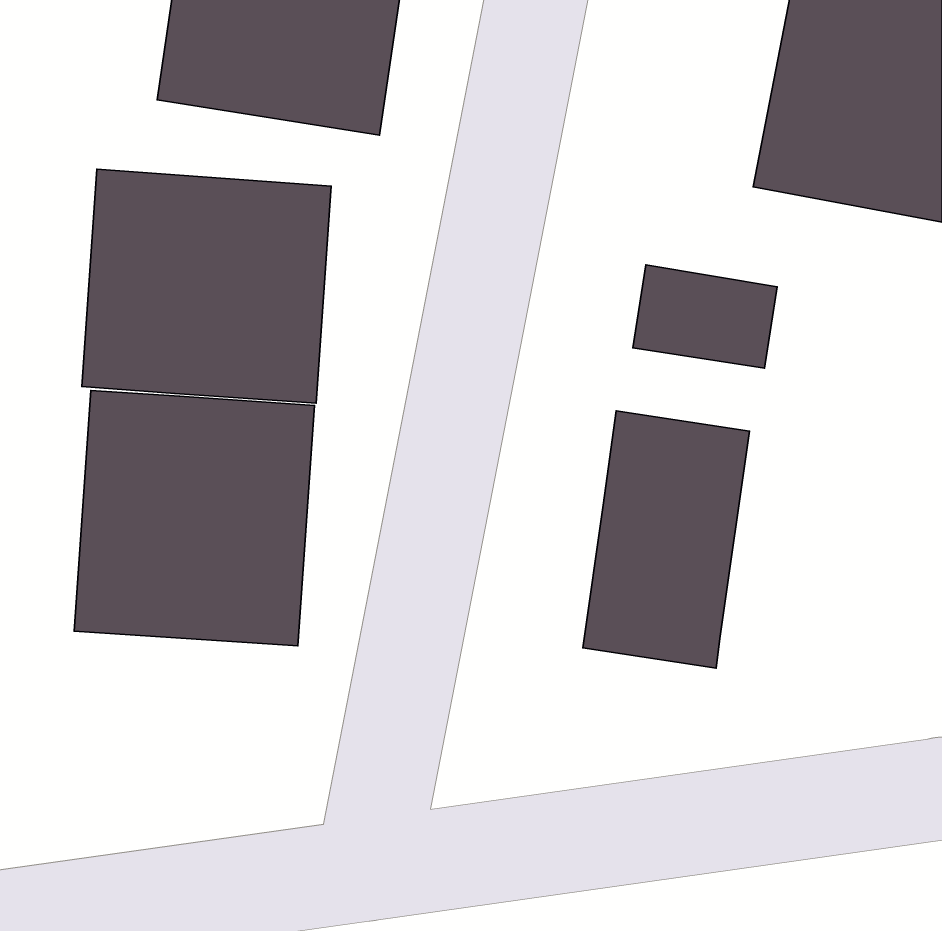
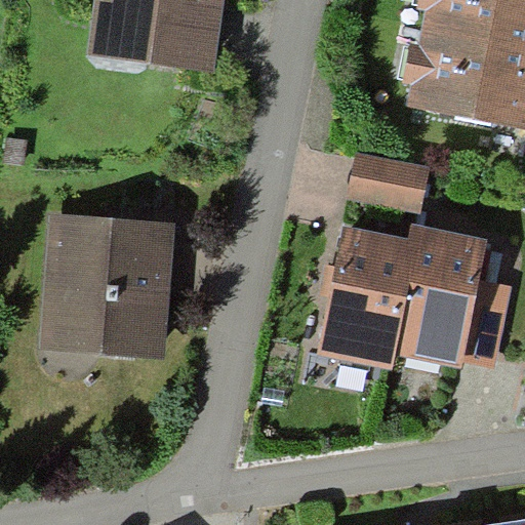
building: [82,169,331,403] -> none
building: none -> [399,226,484,364]

